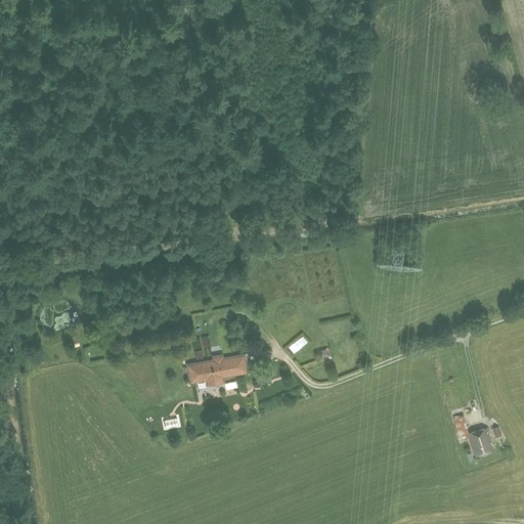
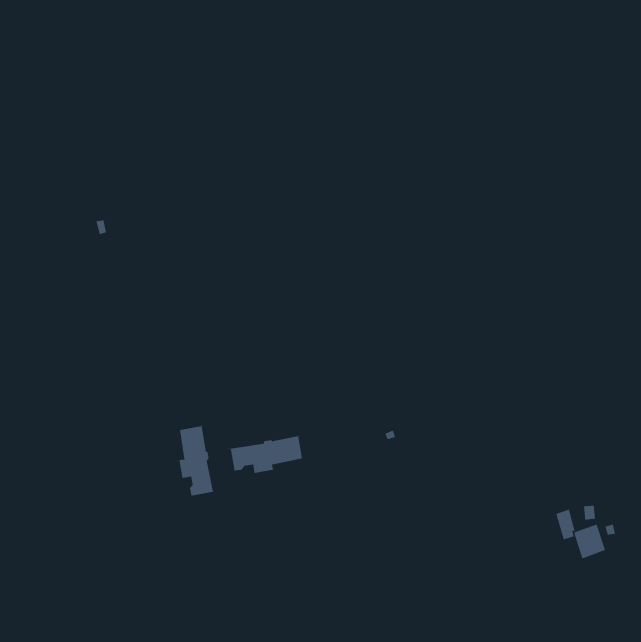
building: none -> [179,424,215,496]

